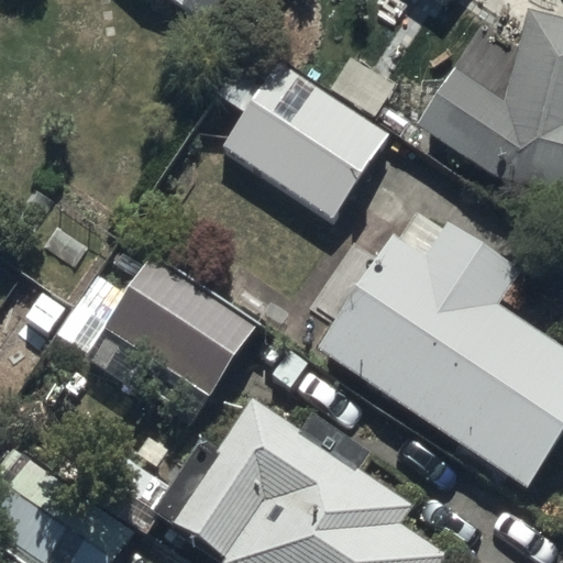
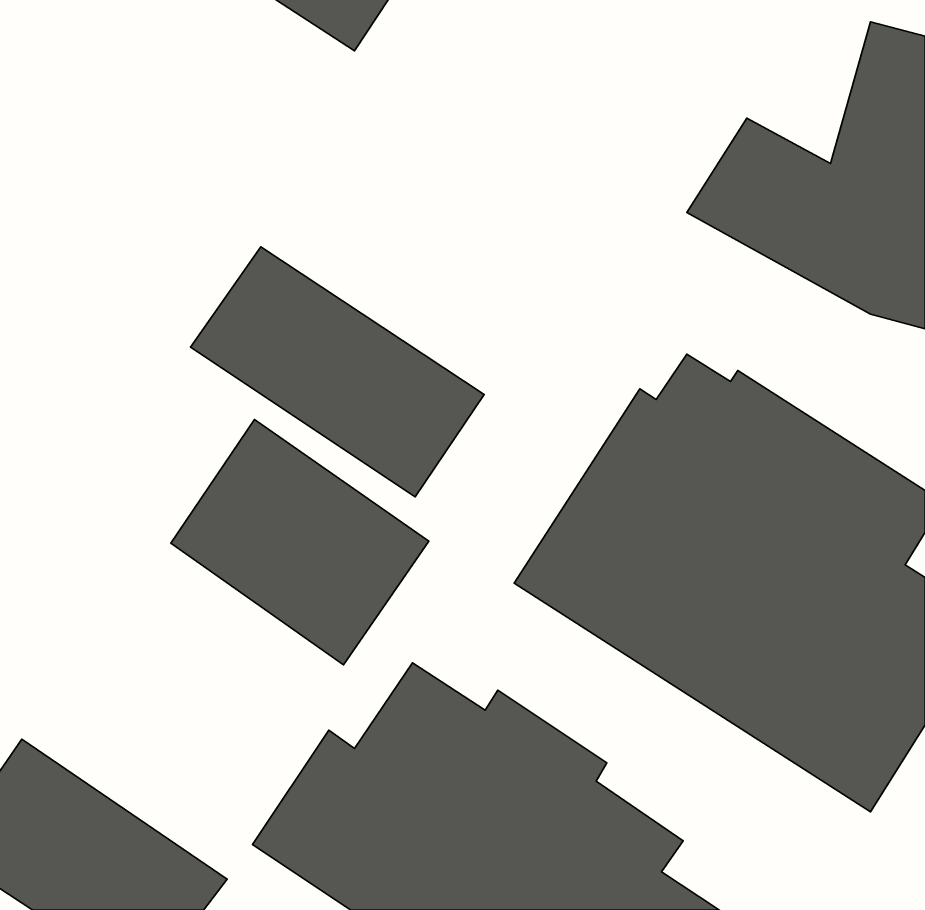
building: [221,47,400,221] -> none
building: none -> [191,247,484,497]

